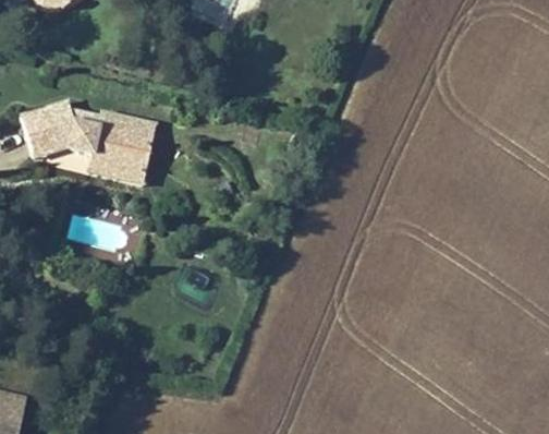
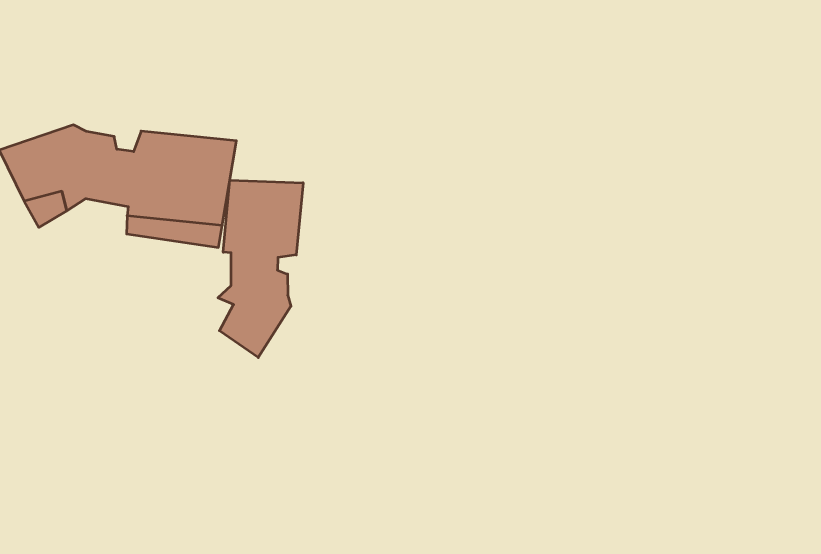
building: none -> [218,180,303,358]

